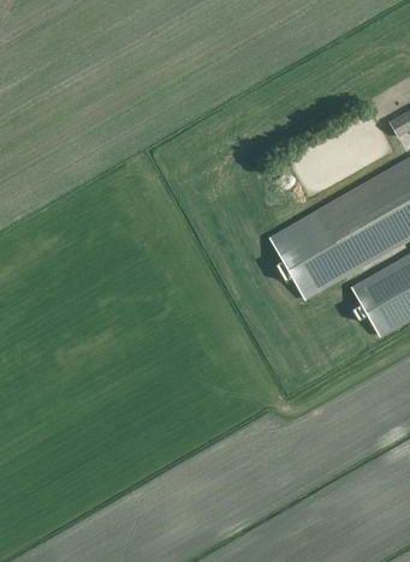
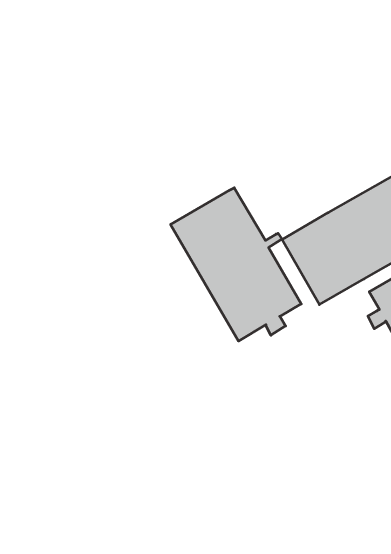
building: none -> [171,188,301,341]

